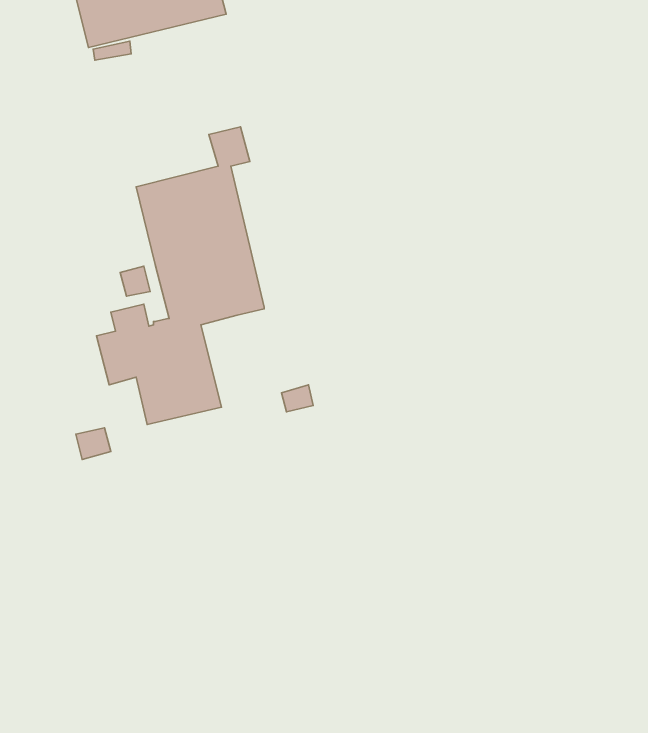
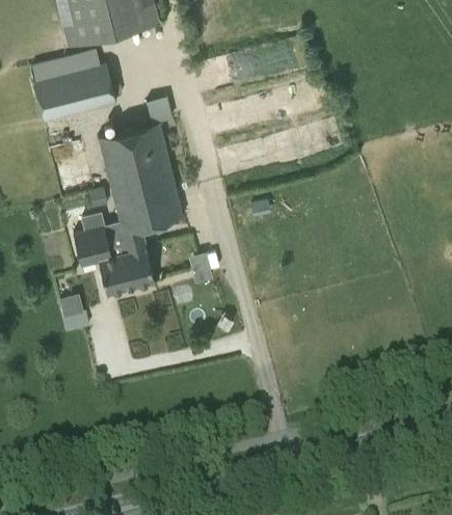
building: none -> [30,52,115,121]

